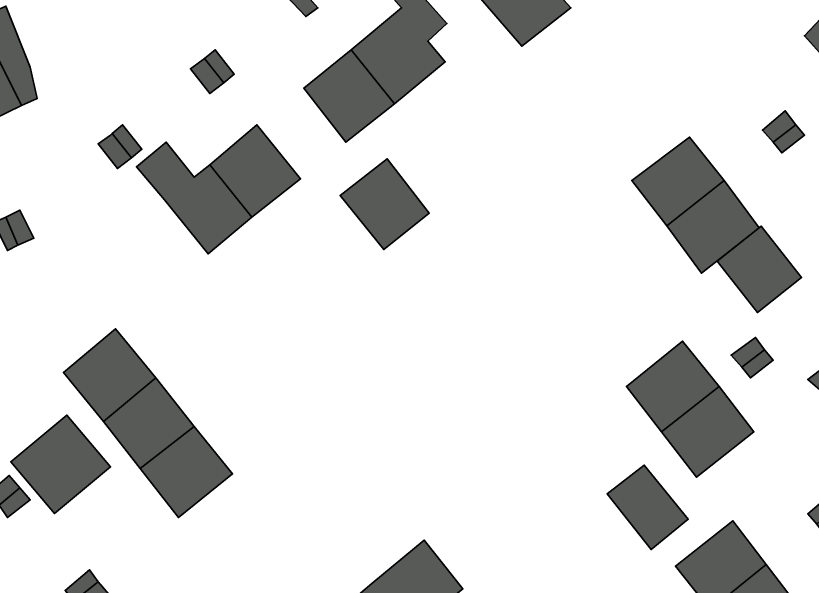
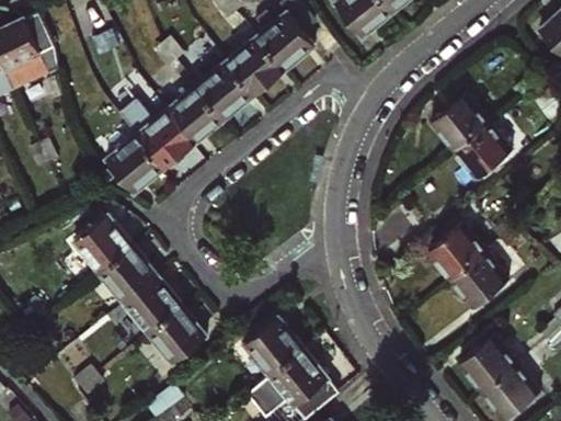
building: [340,159,429,250] -> [195,64,251,121]
building: none -> [105,134,164,193]
building: [717,226,801,313] -> none
building: [11,415,111,513] -> none
building: [607,465,688,549] -> none
building: none -> [146,306,205,364]
building: none -> [244,319,300,375]

